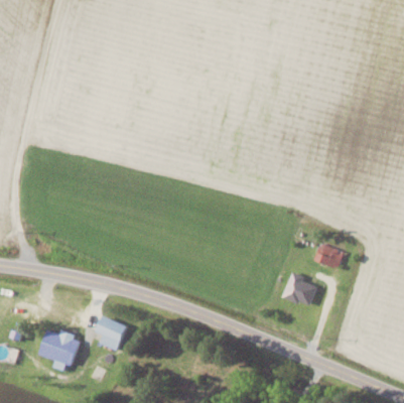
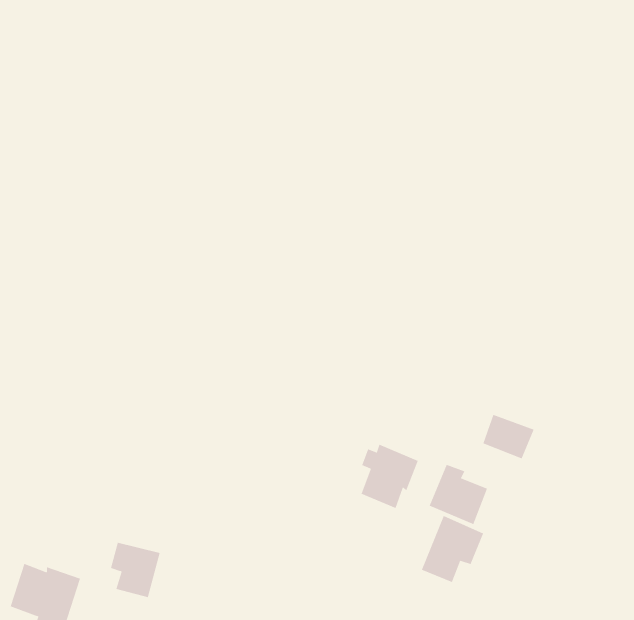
building: none -> [361,444,419,509]
building: none -> [421,515,484,583]

